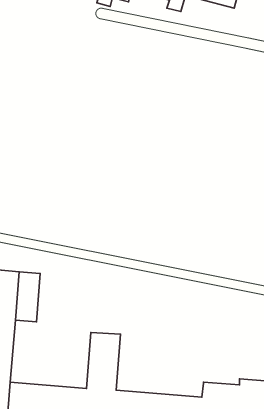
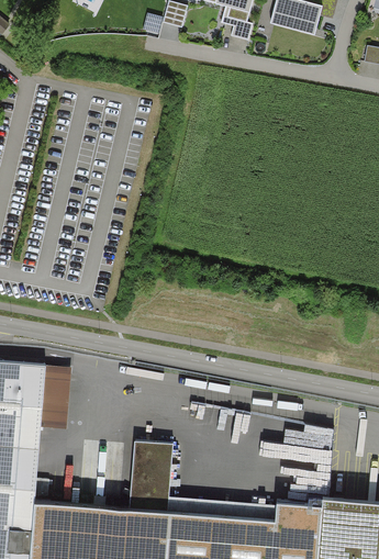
building: none -> [166,497,276,523]

